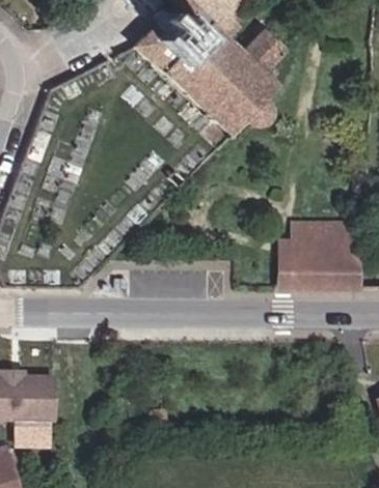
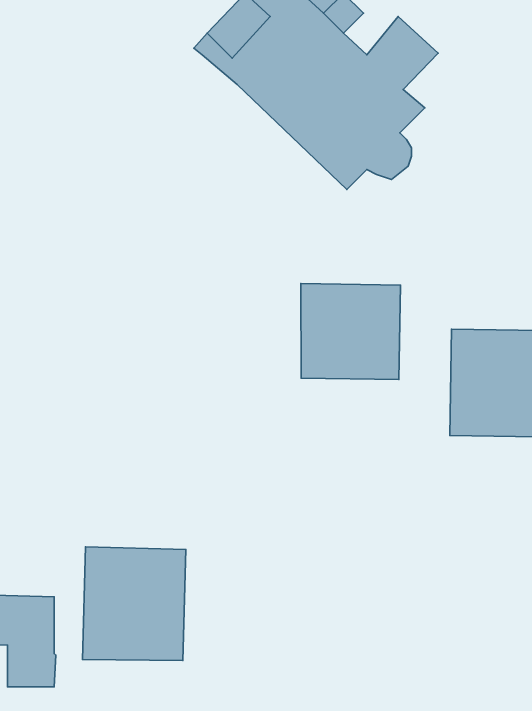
building: none -> [301,284,400,380]
building: none -> [82,547,186,660]

